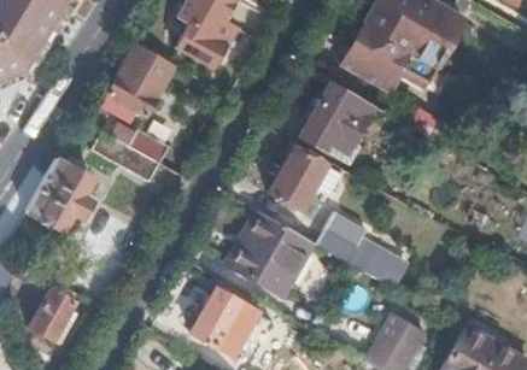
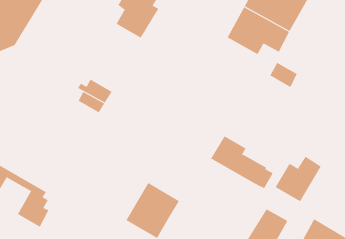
building: [118,43,172,114] -> none
building: [297,82,373,161] -> none
building: [267,147,322,210] -> none
building: [25,158,95,231] -> none
building: [232,210,312,296] -> none
building: none -> [275,156,322,202]

